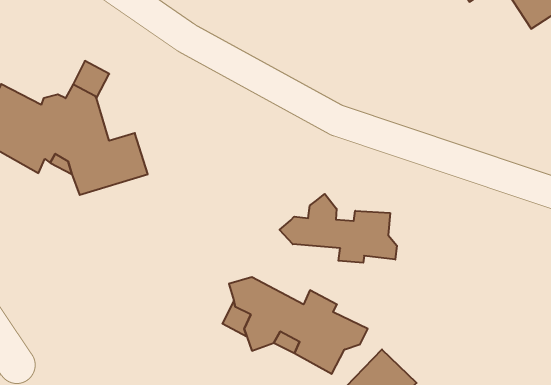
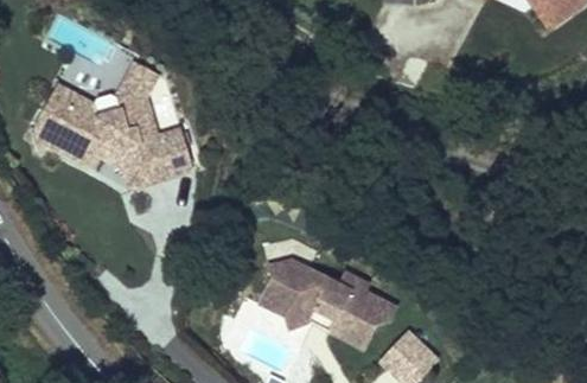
building: [280,194,397,263] -> none

